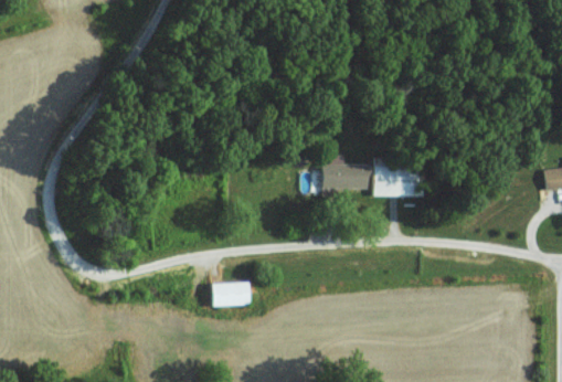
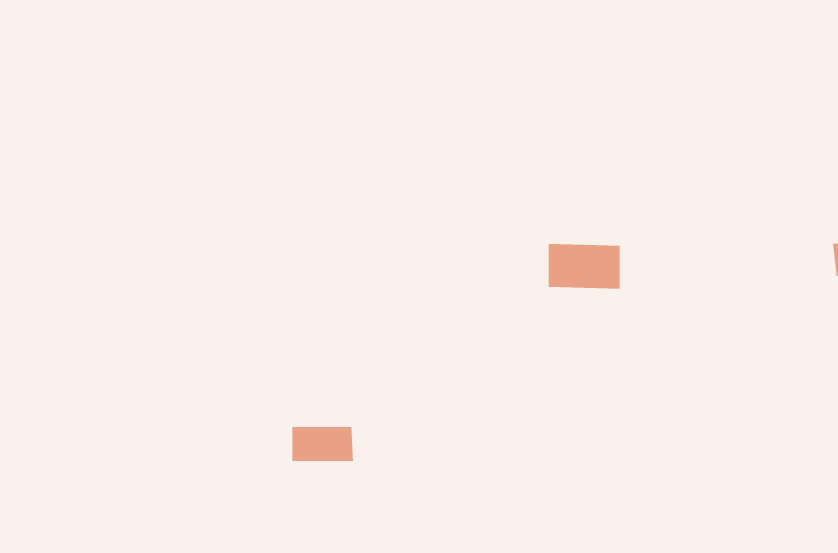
building: [321,167,367,190] -> none

